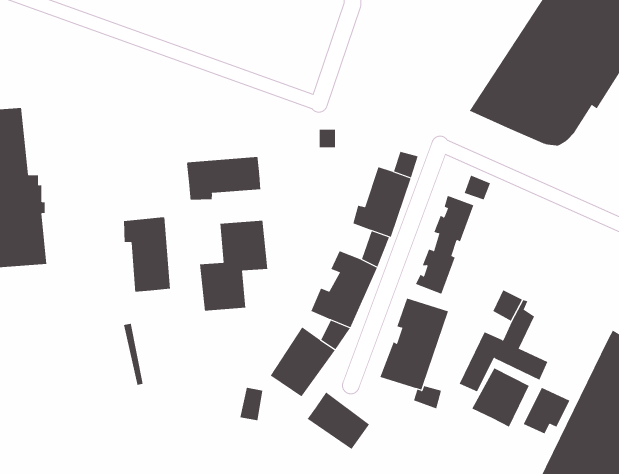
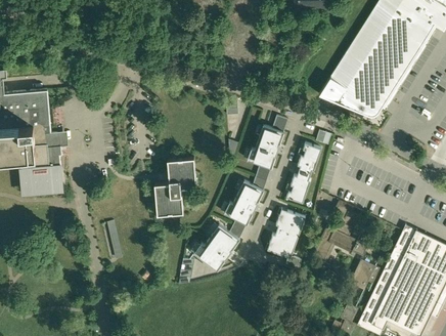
building: [187,156,261,201] -> none
building: [124,216,171,292] -> none
building: [471,367,529,428] -> none
building: [307,392,370,450] -> none

